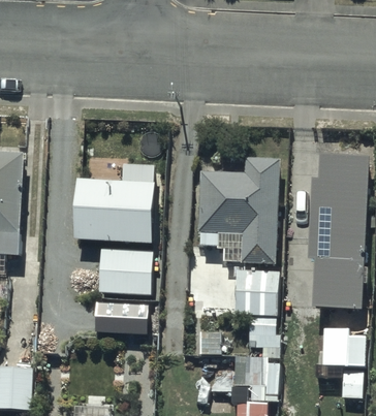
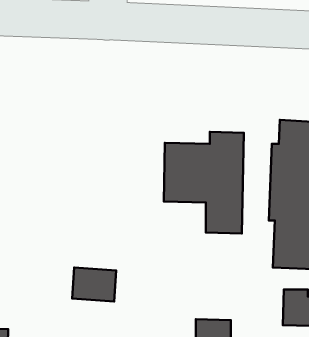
building: [75,166,156,245] -> none
building: [98,249,152,296] -> none
building: [232,270,279,313] -> none

